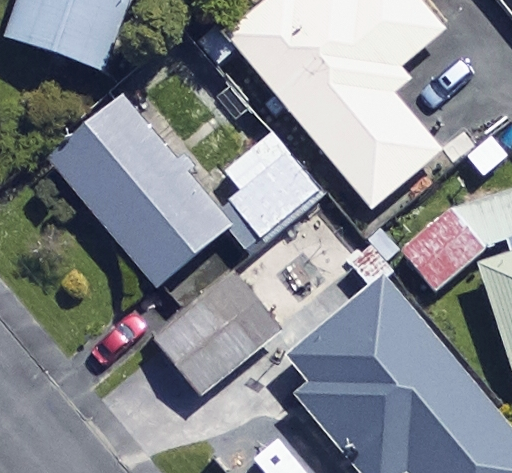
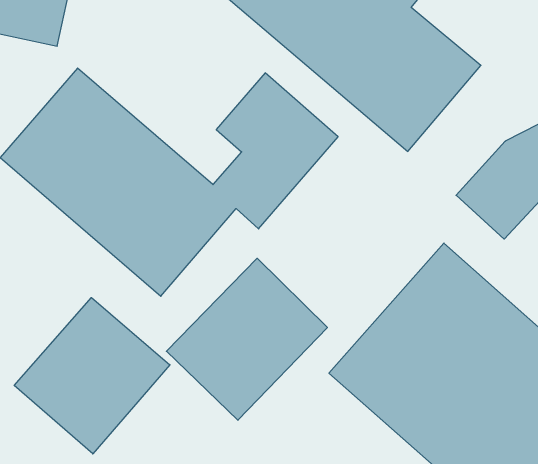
building: none -> [14,298,170,454]

